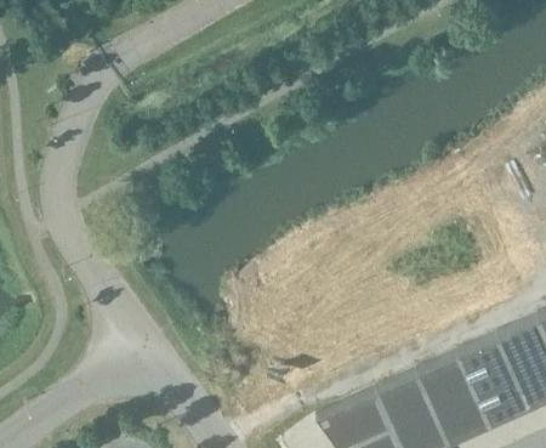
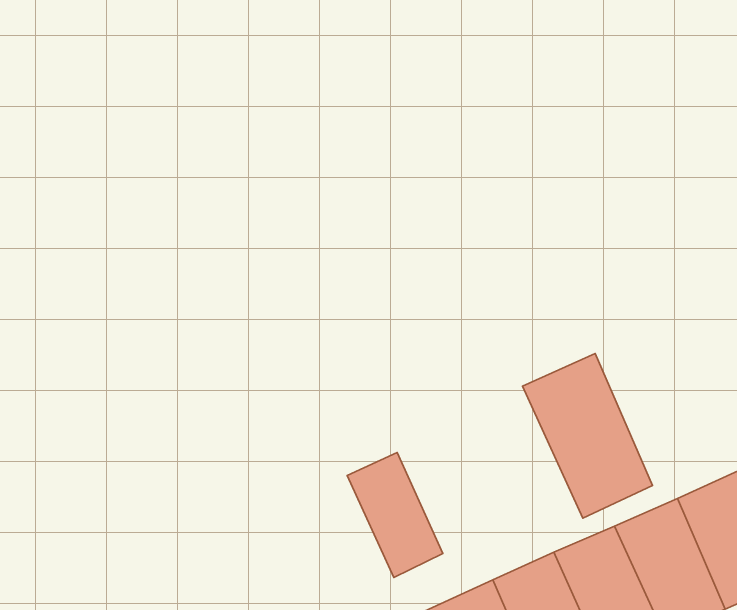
building: none -> [522,353,653,518]
building: none -> [347,453,443,577]

